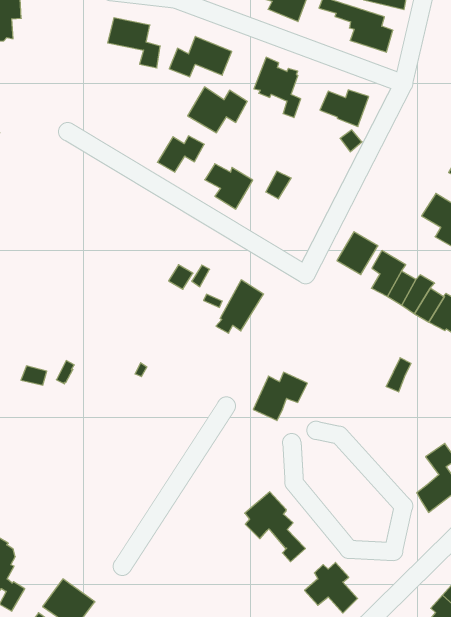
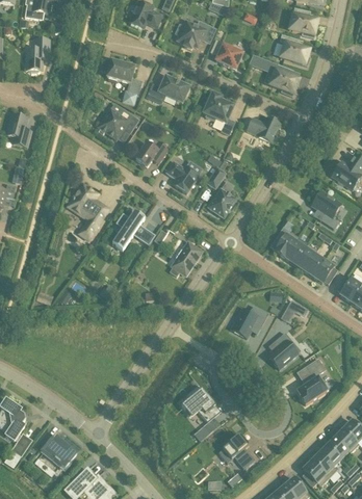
building: [188,87,247,133] -> [98,108,138,139]
building: none -> [69,183,108,239]
building: [337,232,378,275] -> [208,189,236,218]
building: none -> [112,211,145,251]
building: [253,372,307,421] -> [231,306,268,338]
building: none -> [267,333,301,369]

